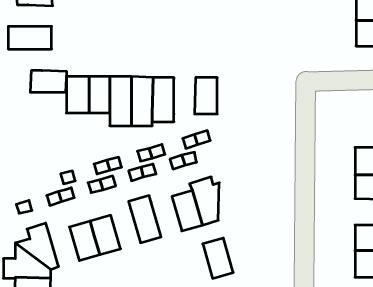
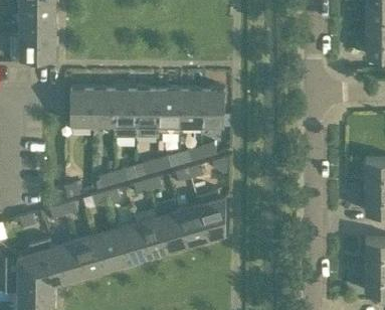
building: [30,71,67,92] -> [19,14,56,36]
building: none -> [180,89,202,126]
building: none -> [116,222,146,264]
building: none -> [52,242,83,282]
building: [203,238,233,278] -> [157,210,188,252]

